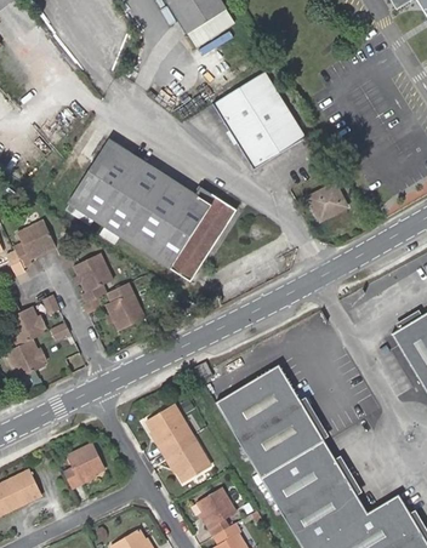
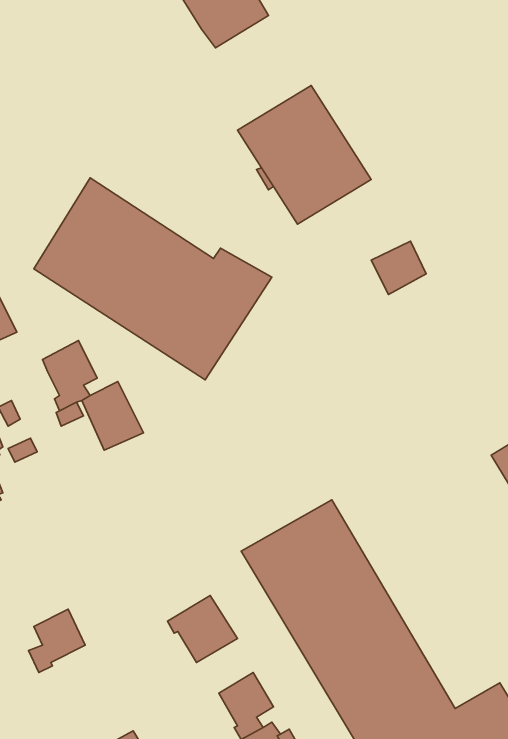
building: [146,403,193,452] -> none

